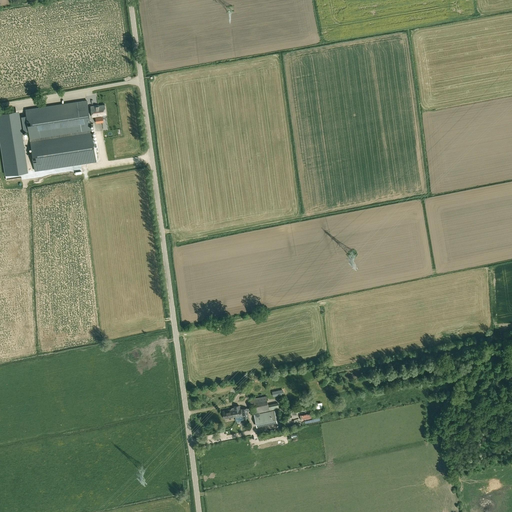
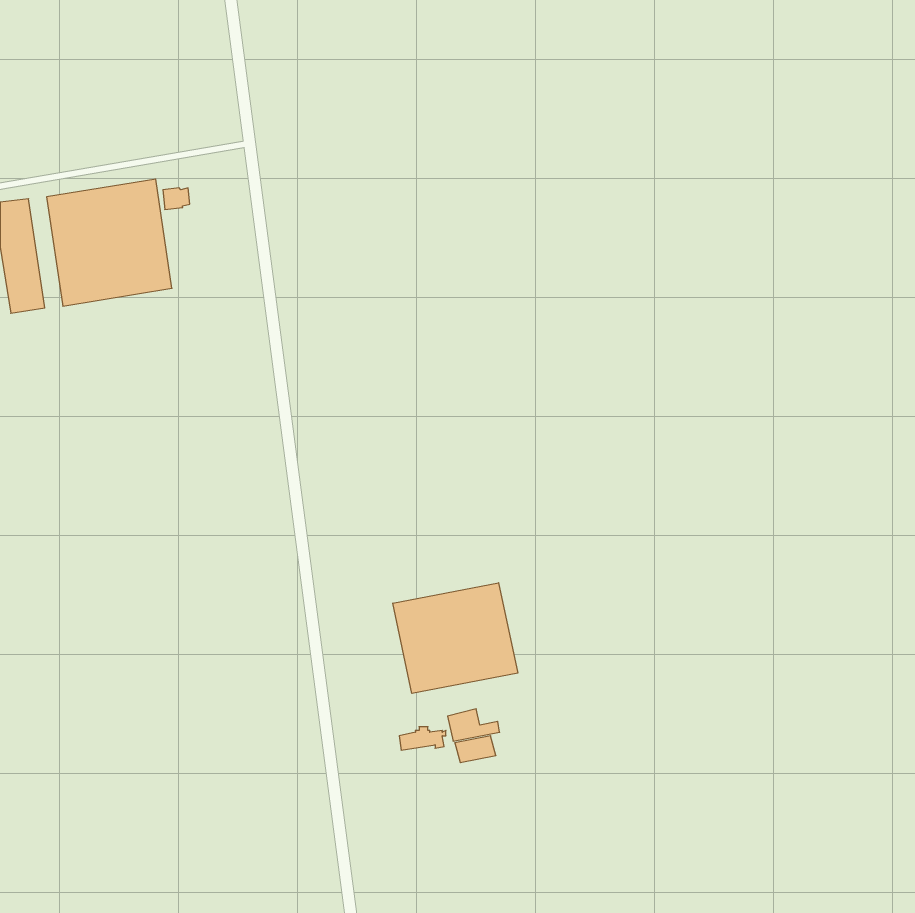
building: none -> [393,583,518,693]

